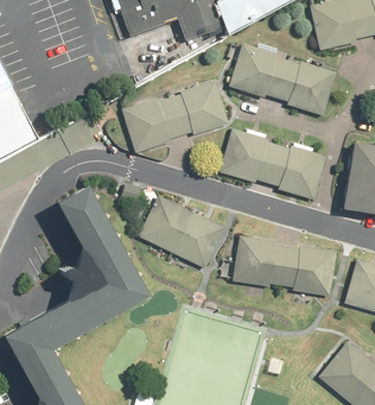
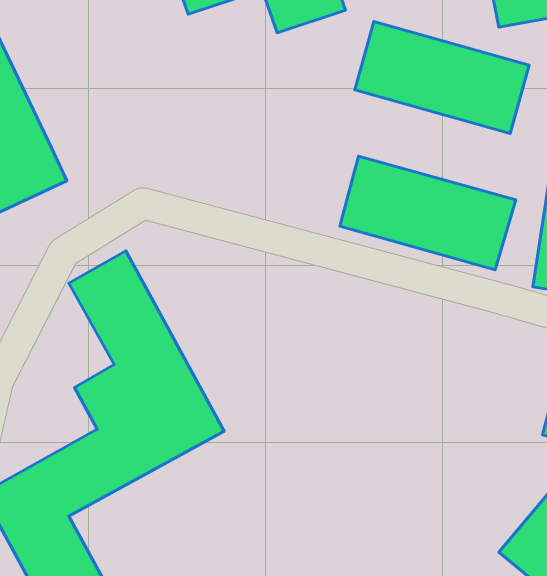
building: [123,80,229,151] -> none
building: [139,192,227,267] -> none
building: [233,236,338,297] -> none

